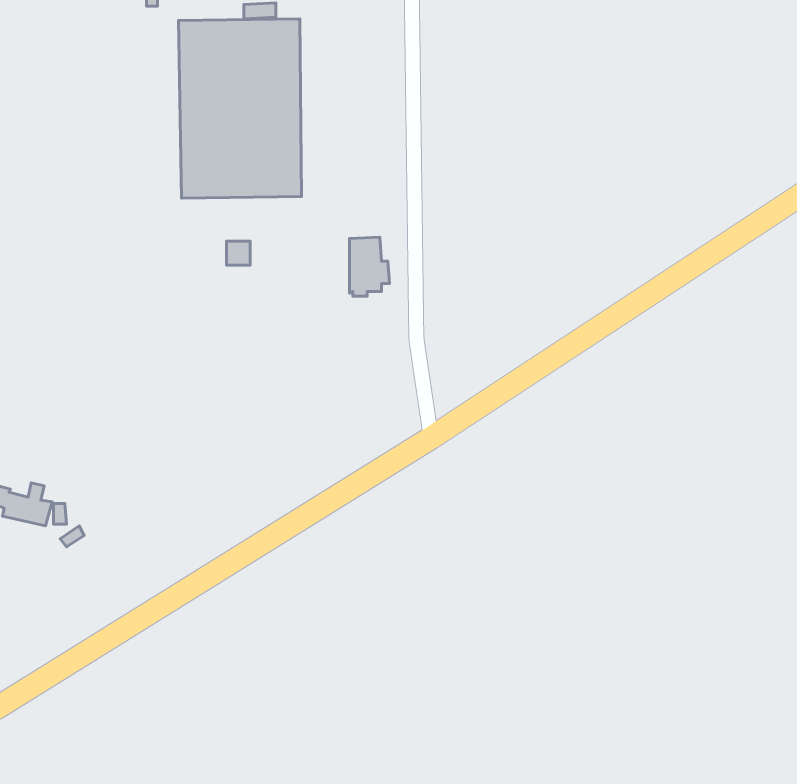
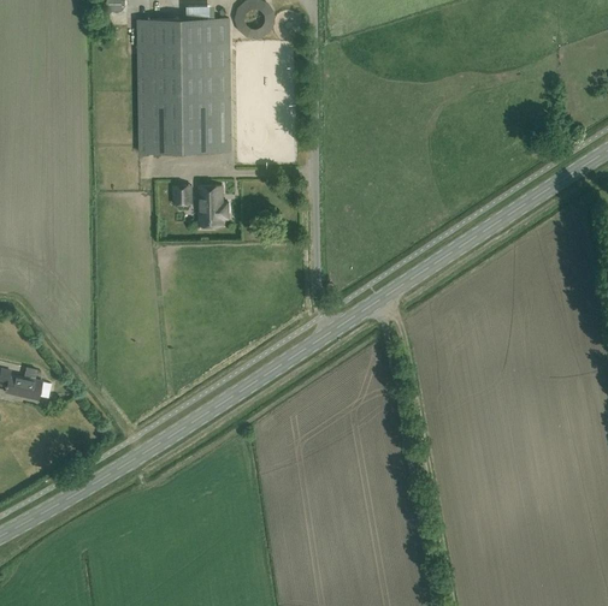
building: [350,237,390,296] -> [199,185,229,230]

